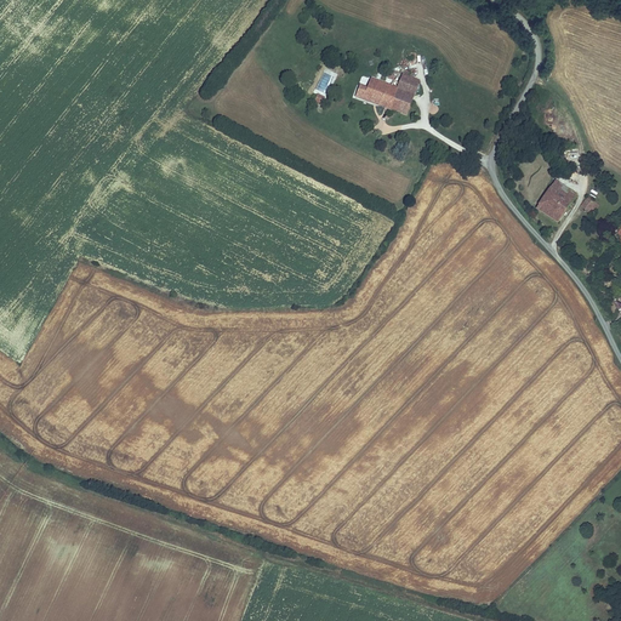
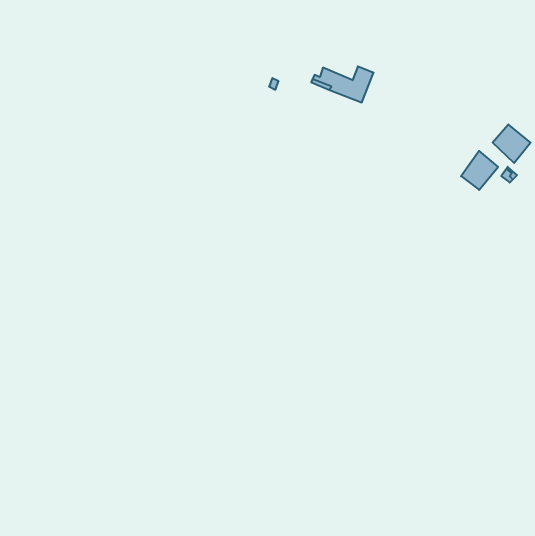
building: none -> [493,124,531,163]

